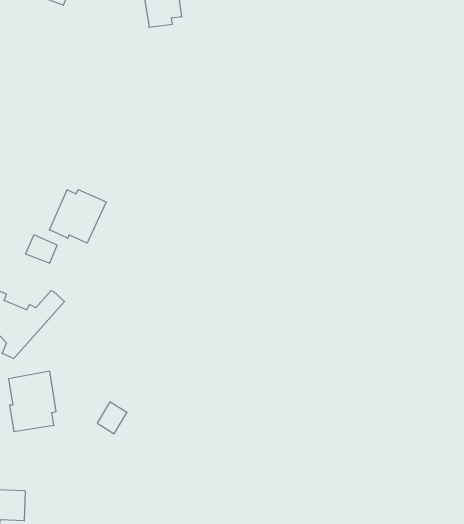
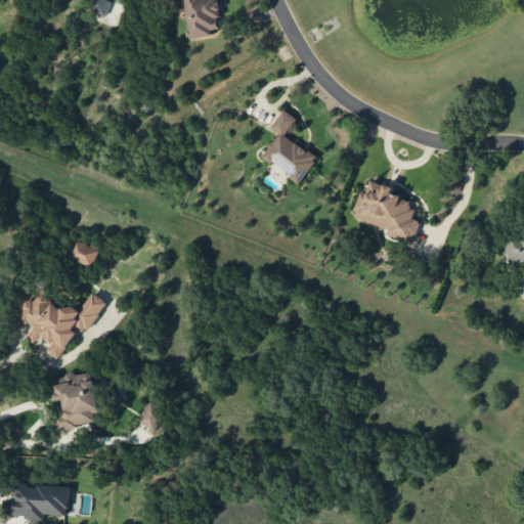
building: none -> [262,111,317,183]
building: none -> [351,180,420,242]
building: [49,190,106,243] -> none

